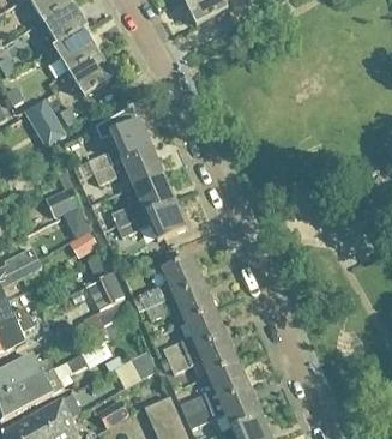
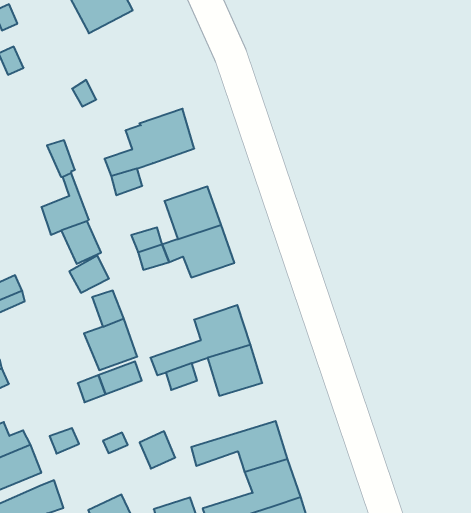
building: [68,52,114,95] -> none
building: [24,98,66,146] -> none
building: [122,146,163,186] -> none
building: [163,309,227,360] -> none

